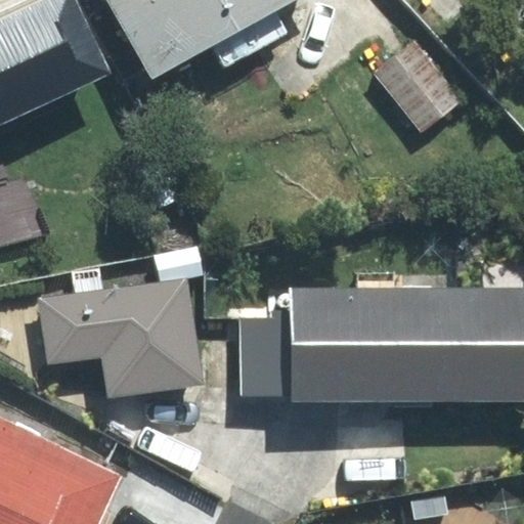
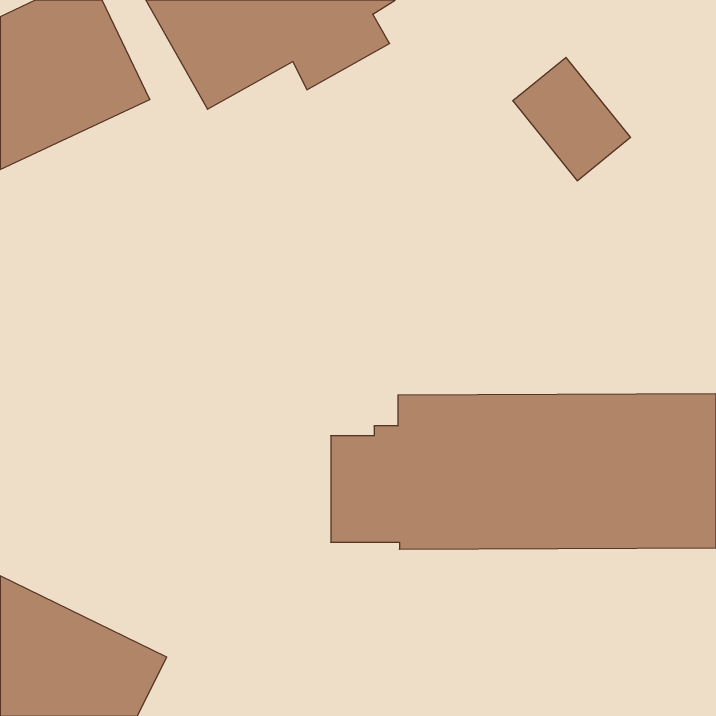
building: [39,277,203,397] -> none

